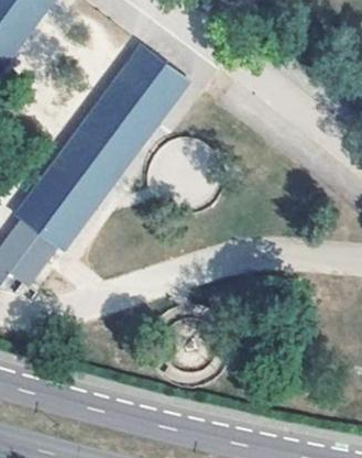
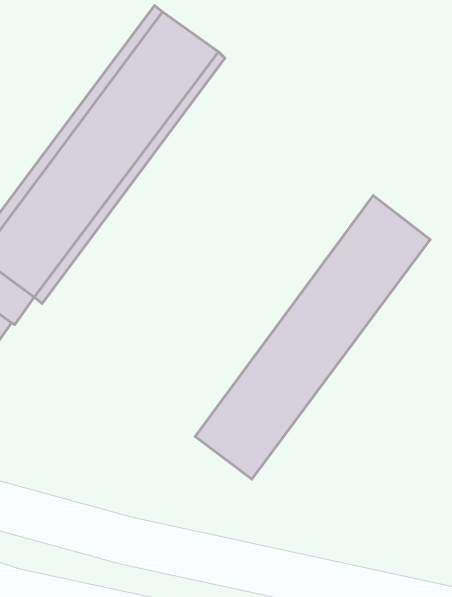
building: none -> [195,196,430,479]

